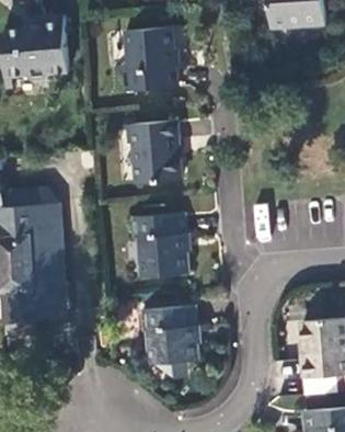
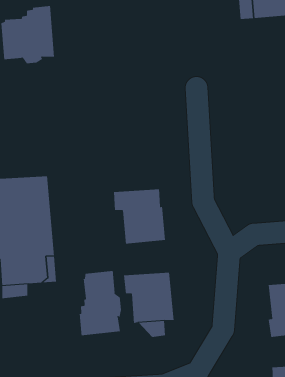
building: [120,26,175,89] -> none
building: [126,118,180,181] -> none
building: none -> [79,270,122,336]

